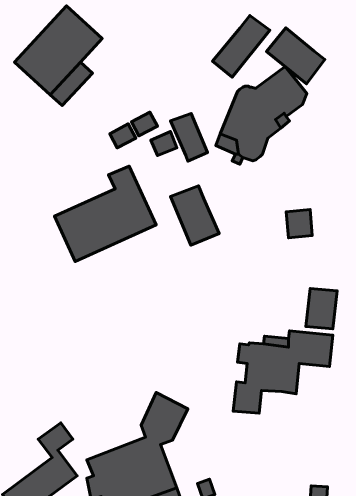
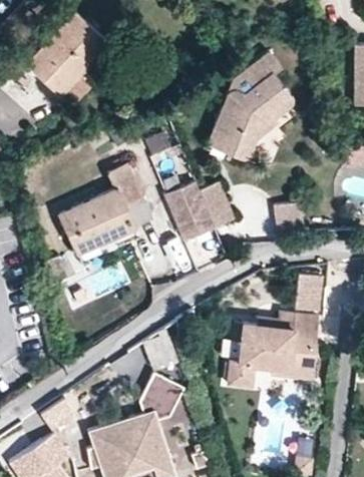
building: [213,16,270,77] -> none
building: [267,28,325,84] -> none
building: [171,113,207,161] -> [200,186,234,230]
building: none -> [272,346,316,383]

